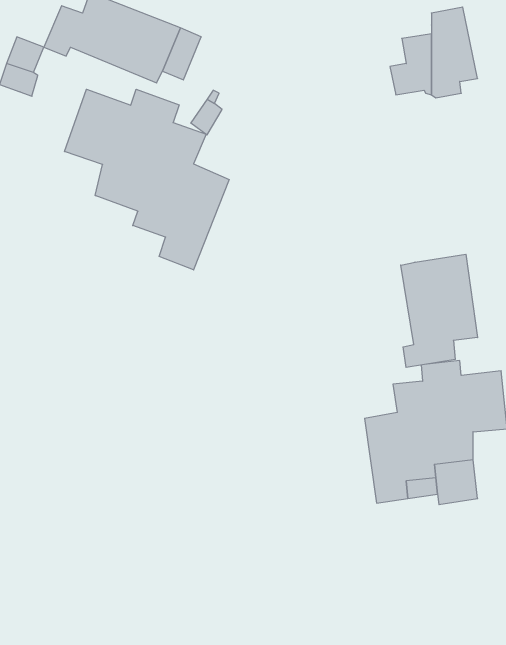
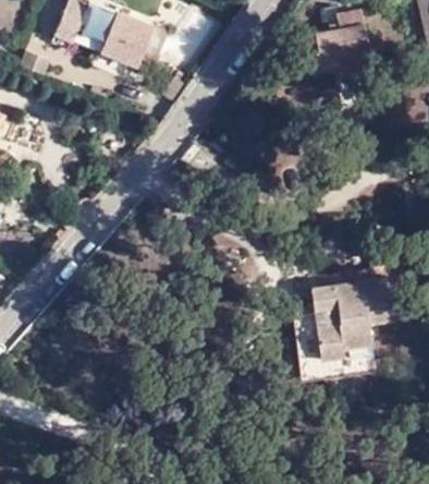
building: [65,89,229,270] -> none
building: [401,254,478,367] -> none

